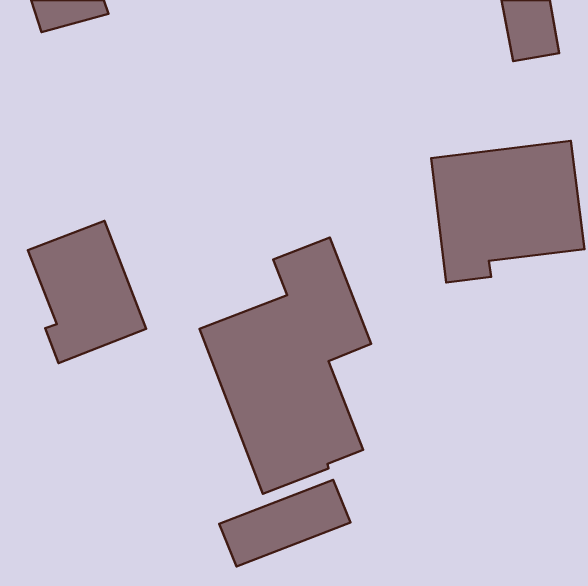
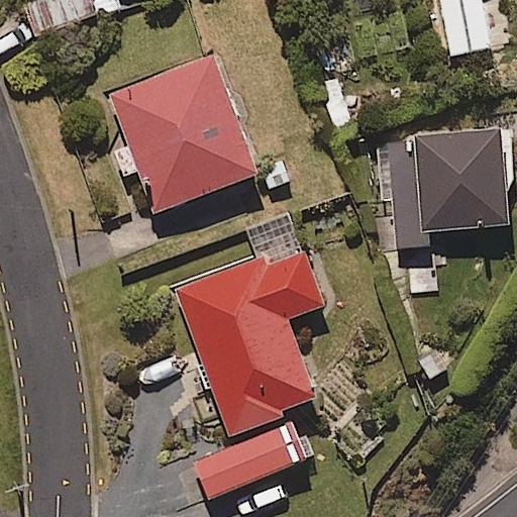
building: none -> [109,55,258,214]
building: [28,221,146,363] -> none

